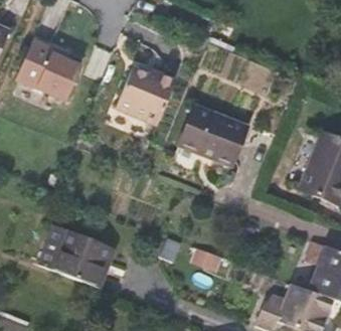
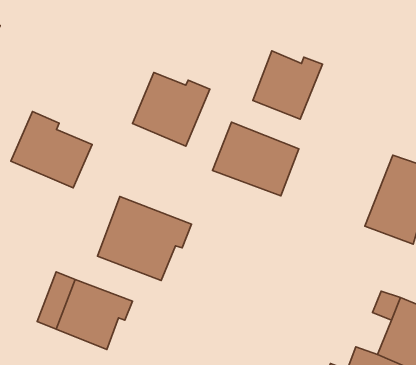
building: [16,39,80,100] -> [11,112,92,188]
building: none -> [253,51,322,119]
building: none -> [97,197,192,281]

